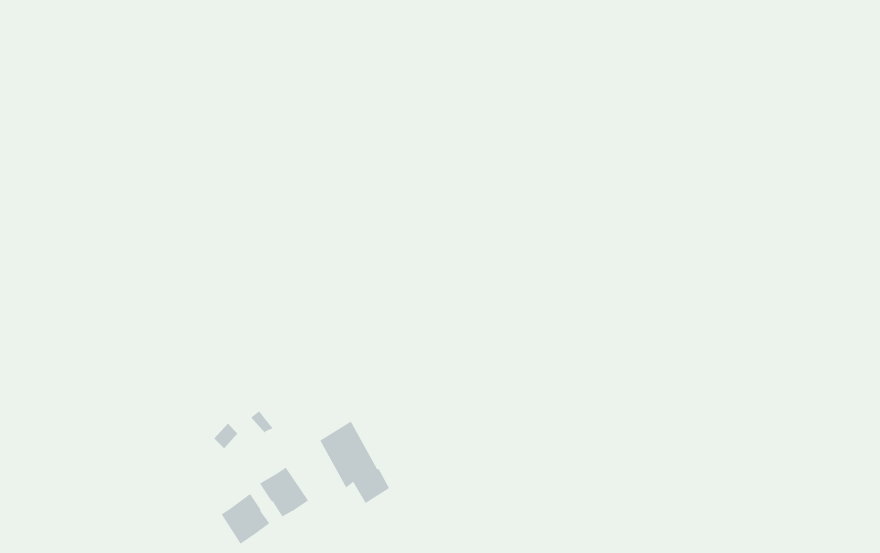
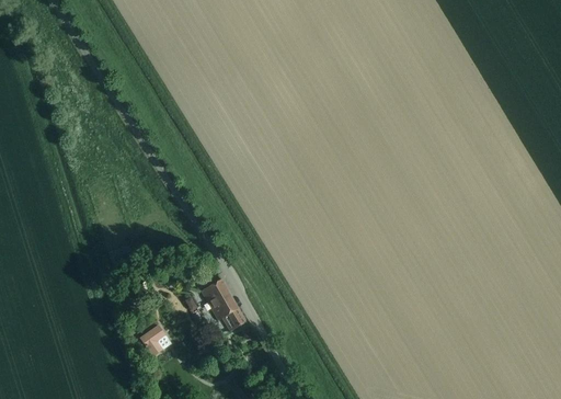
building: [259,467,309,517] -> none

